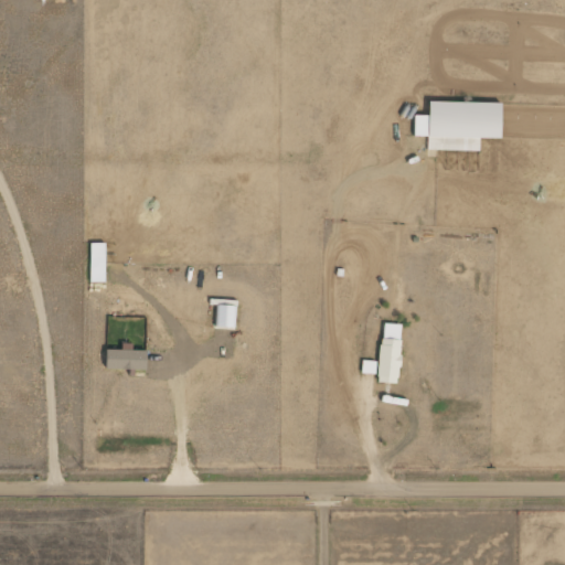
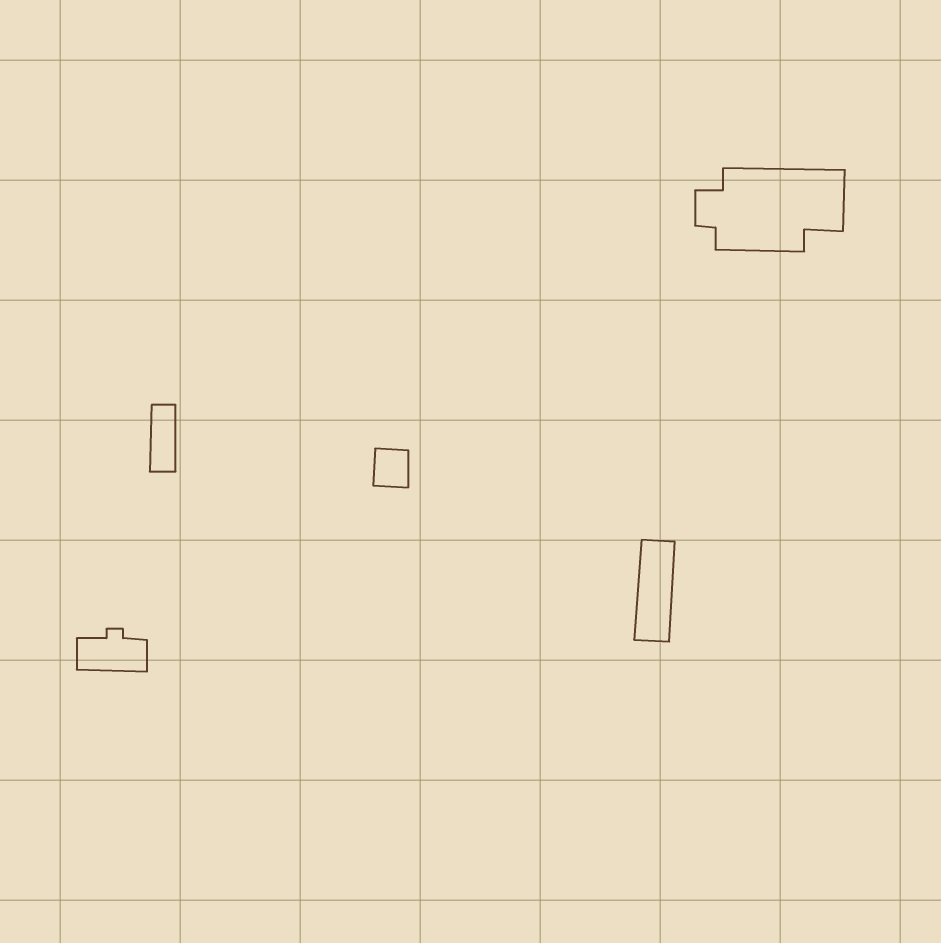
building: [215,303,236,327] -> [373,449,408,487]
building: [106,343,148,369] -> [77,629,147,672]

